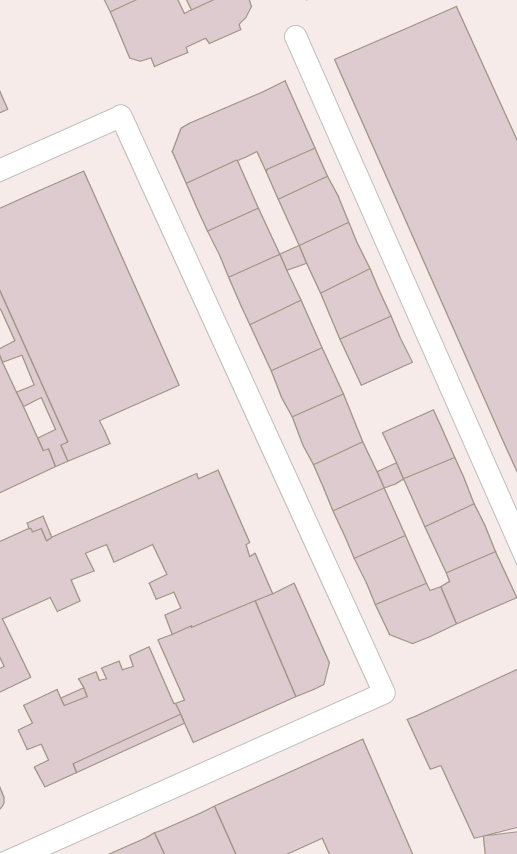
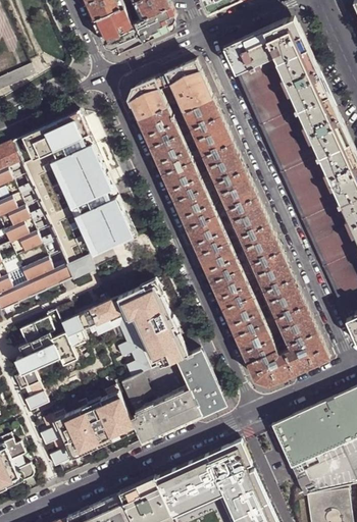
building: none -> [239,221,280,262]

